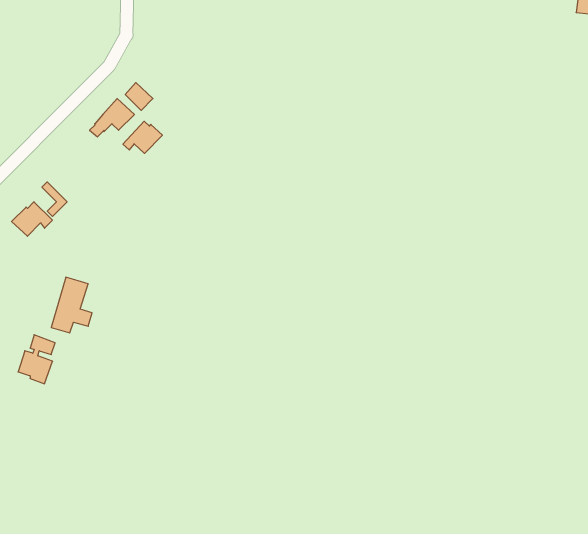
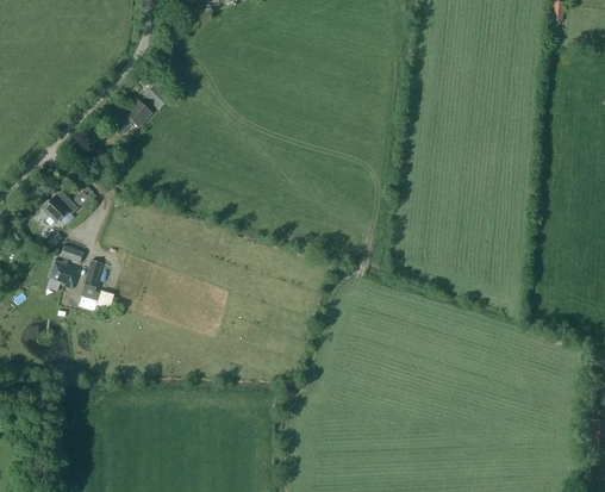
building: [123,121,162,153] -> none
building: [18,335,55,384] -> [50,244,83,288]

